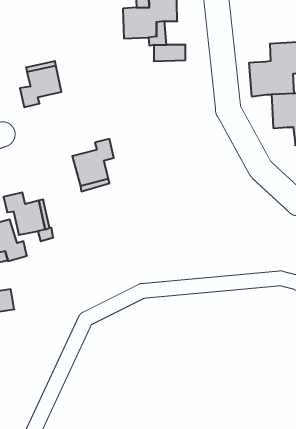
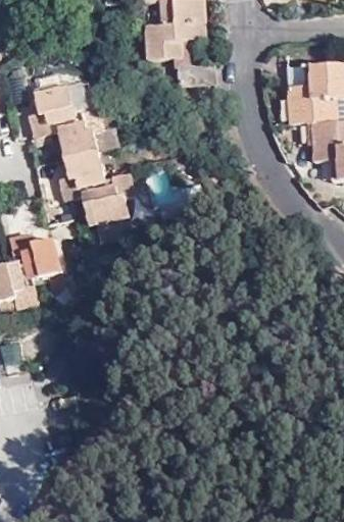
building: none -> [57,108,105,200]

